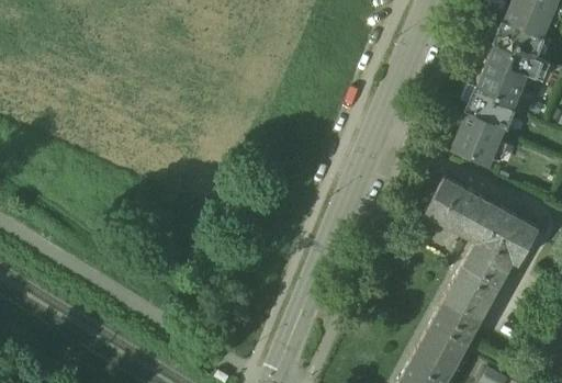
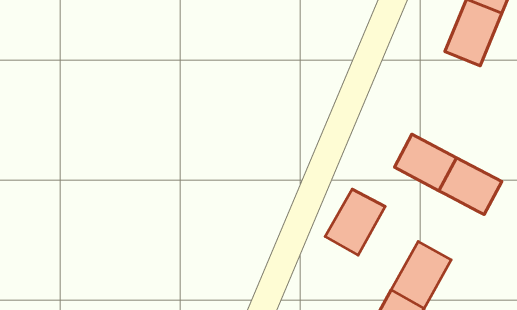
building: [453,91,515,166] -> none
building: [449,243,513,313] -> [325,189,385,255]

